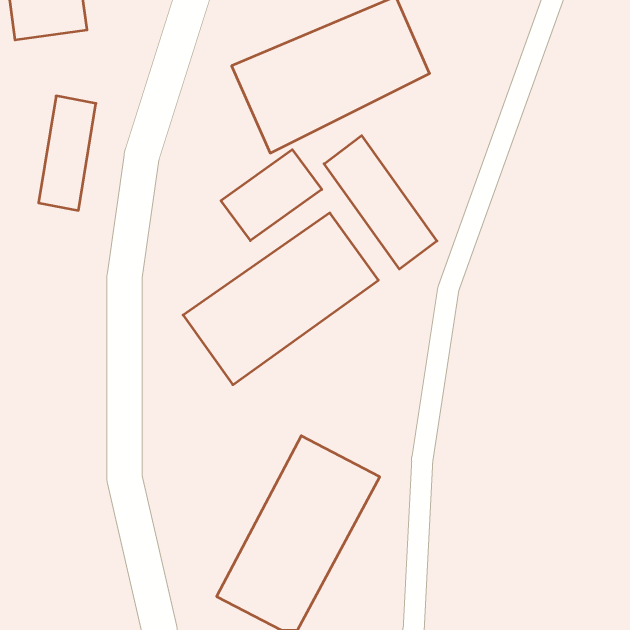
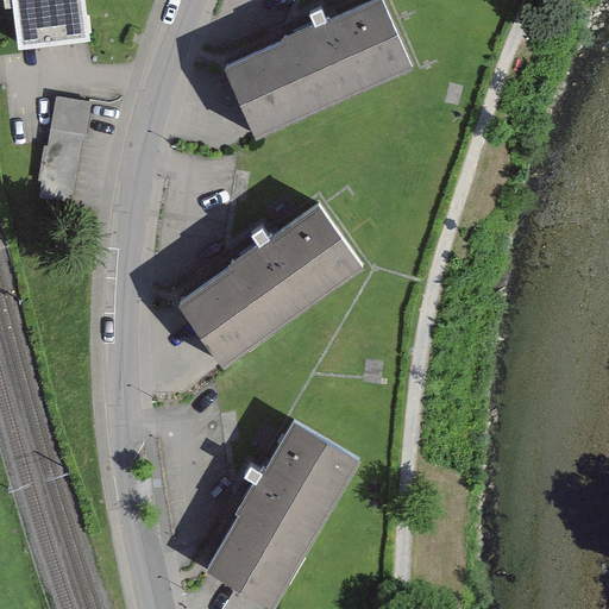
building: [324,136,437,269] -> none
building: [221,150,322,241] -> none

